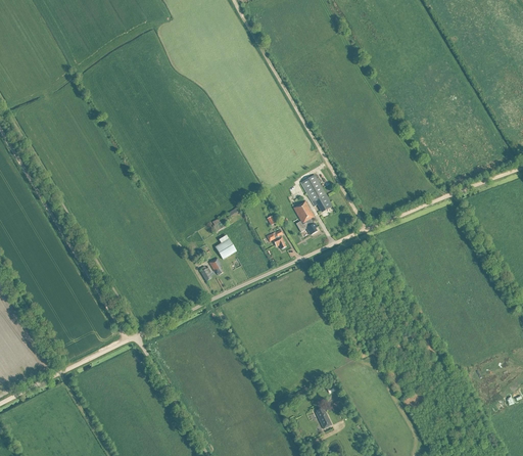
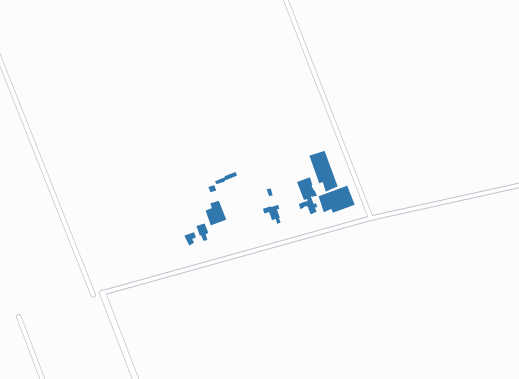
building: none -> [318,185,356,214]

